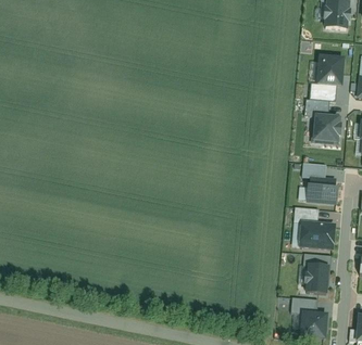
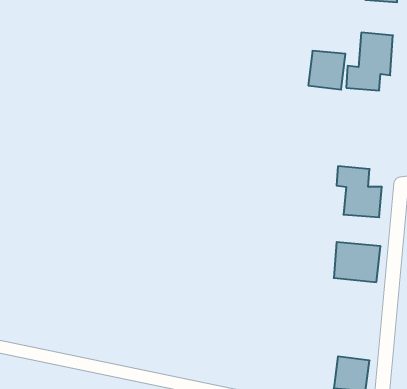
building: [311,113,340,143] -> [308,51,345,90]
building: [305,263,329,294] -> none

